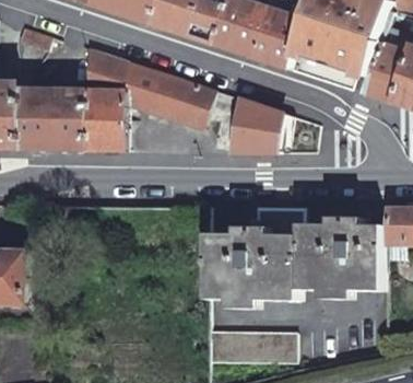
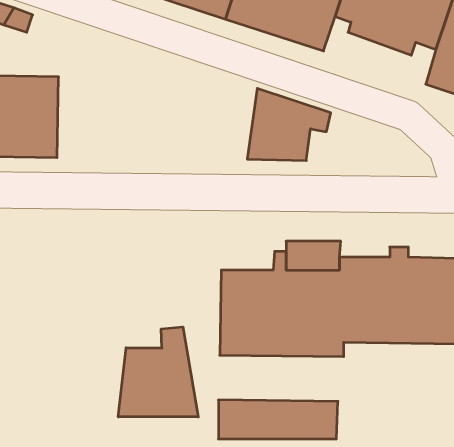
building: [84,48,213,150] -> none
building: none -> [118,327,198,417]

